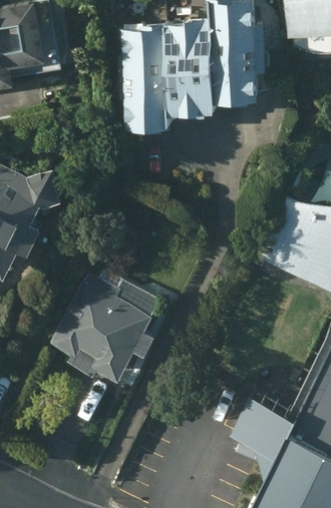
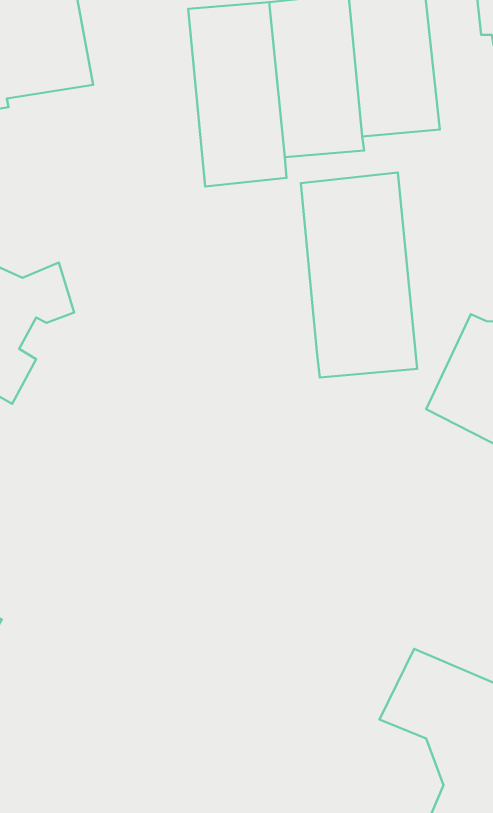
building: none -> [301,172,417,378]
building: [50,282,160,382] -> none

